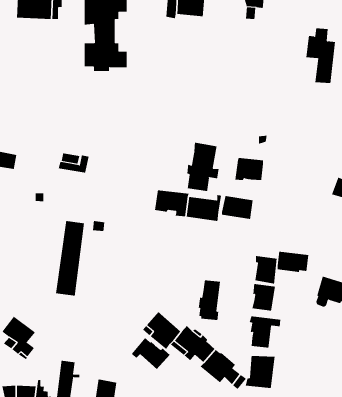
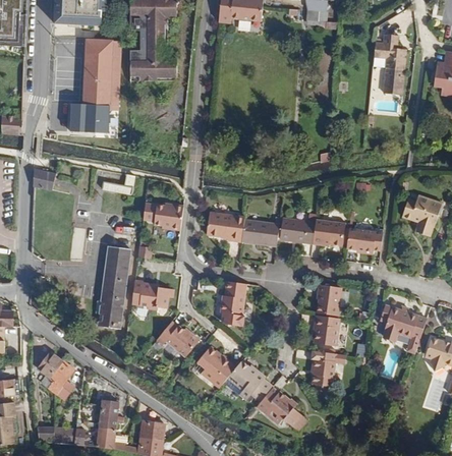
building: none -> [69,40,120,133]
building: [187,142,219,192] -> none
building: [234,158,264,181] -> [312,220,344,245]
building: none -> [143,203,182,230]
building: [277,251,309,272] -> [346,228,382,251]
building: none -> [131,281,169,308]
building: [198,280,221,321] -> [220,281,245,326]
building: [131,337,171,370] -> [156,321,200,356]
building: [245,355,275,389] -> none

